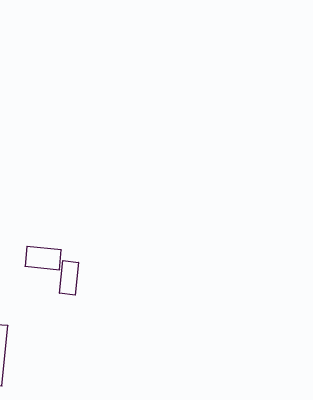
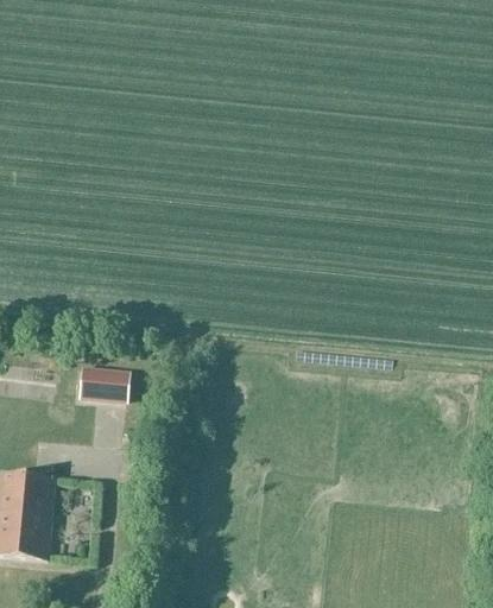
building: [60,261,78,295] -> none

